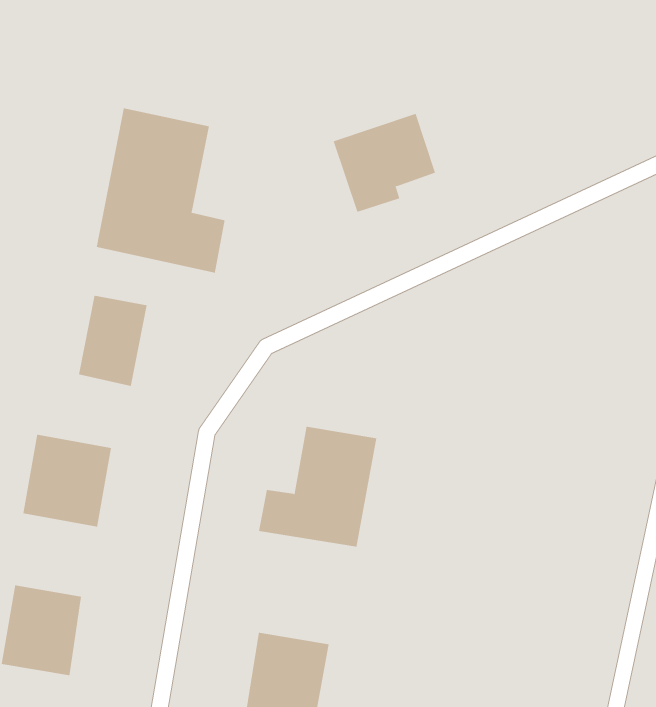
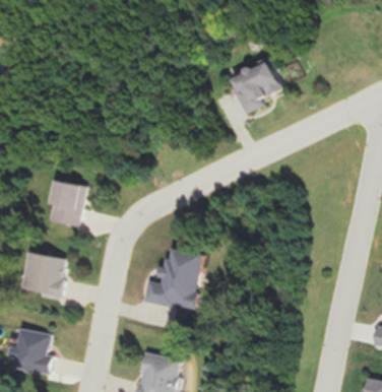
building: [96,108,225,273] -> none
building: [333,113,436,212] -> [232,61,284,112]

